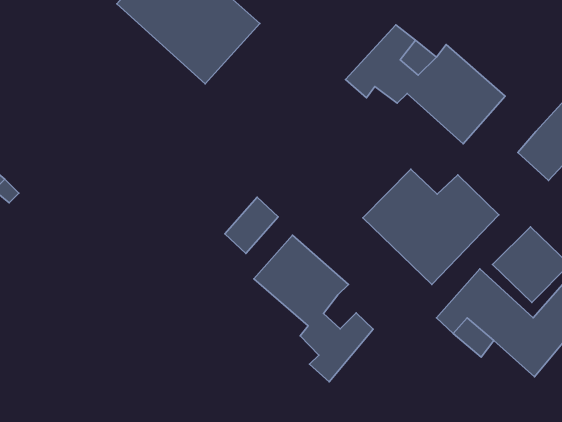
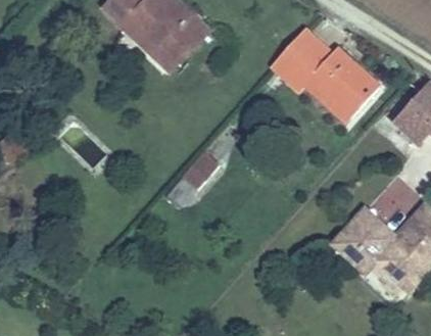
building: [363,169,499,284] -> none
building: [254,235,373,382] -> none

